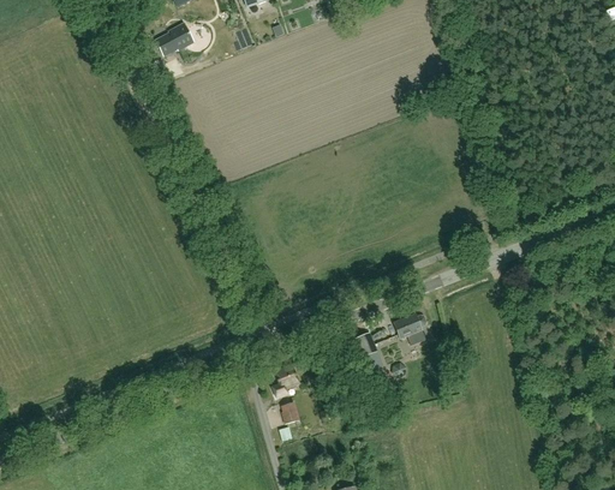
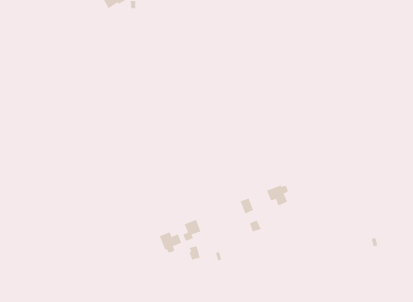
building: none -> [159,232,182,253]

